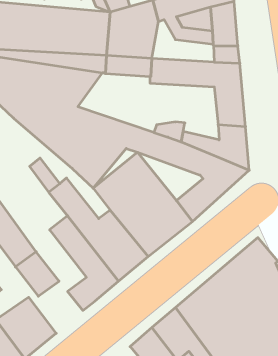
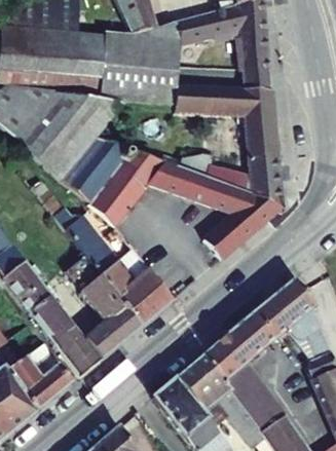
building: none -> [53,327,102,378]

